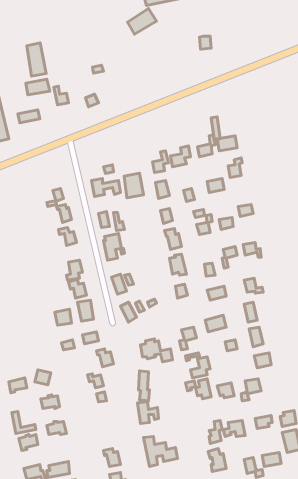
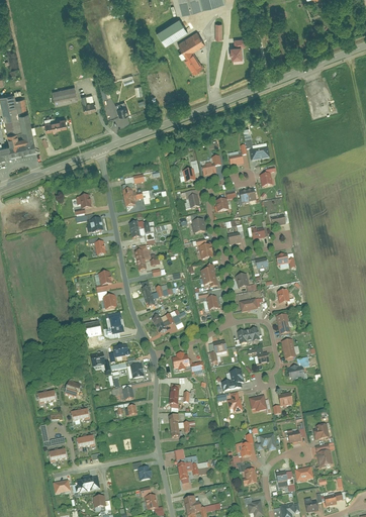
building: none -> [177,28,204,72]
building: [27,43,46,76] -> none
building: [124,173,144,198] -> none

